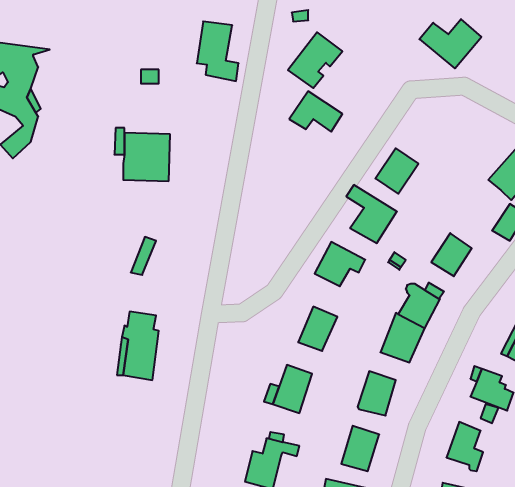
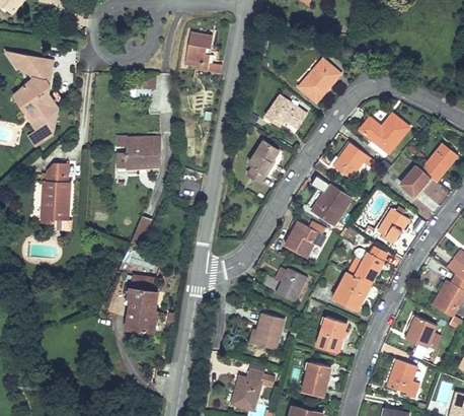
building: [419,19,481,68] -> [358,111,407,150]
building: [288,32,342,88] -> [294,57,337,101]
building: none -> [249,140,278,184]
building: none -> [46,158,76,218]
building: none -> [399,164,431,196]

